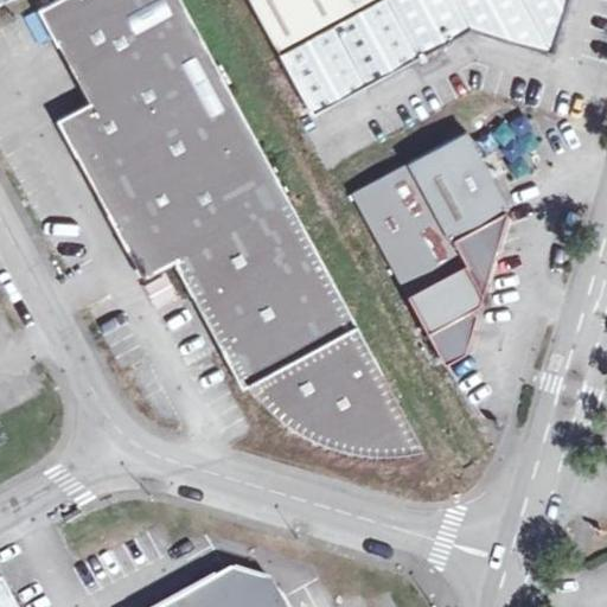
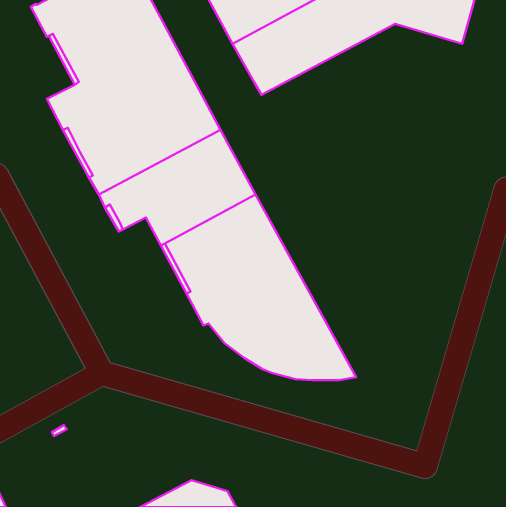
building: [352,130,506,365] -> none

